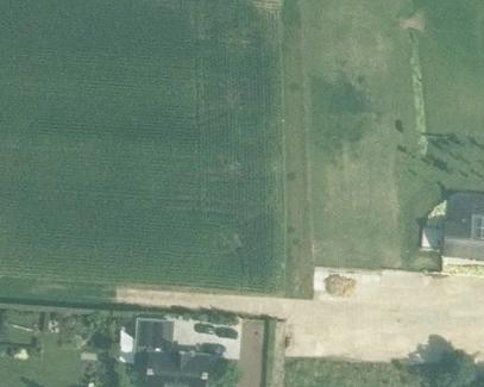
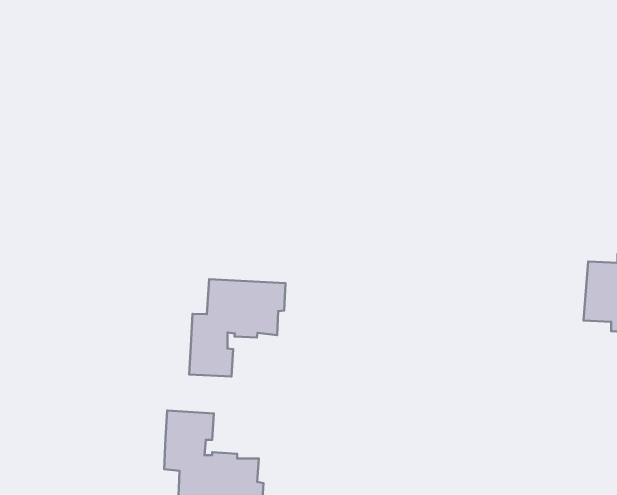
building: none -> [189,279,285,376]

